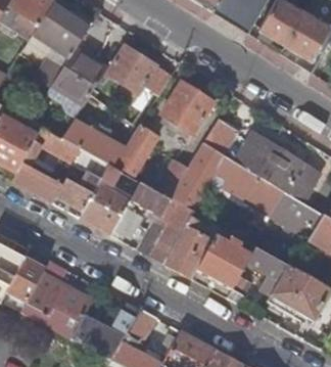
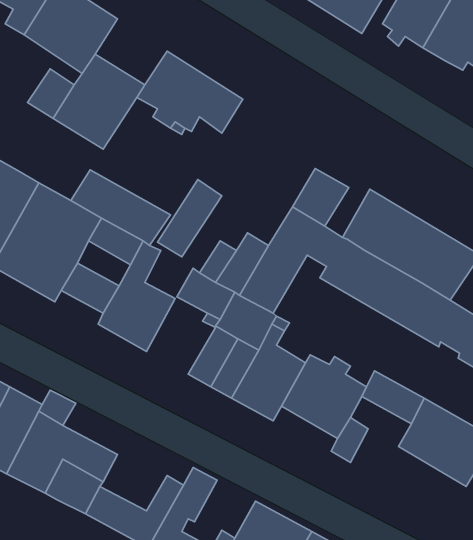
building: [160,82,214,140] -> none

